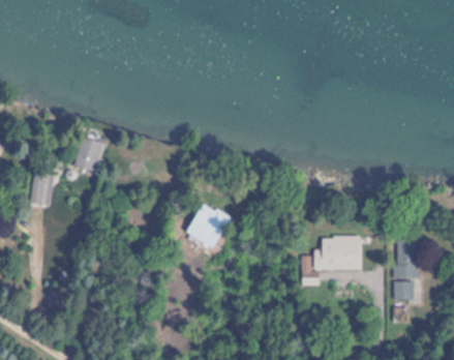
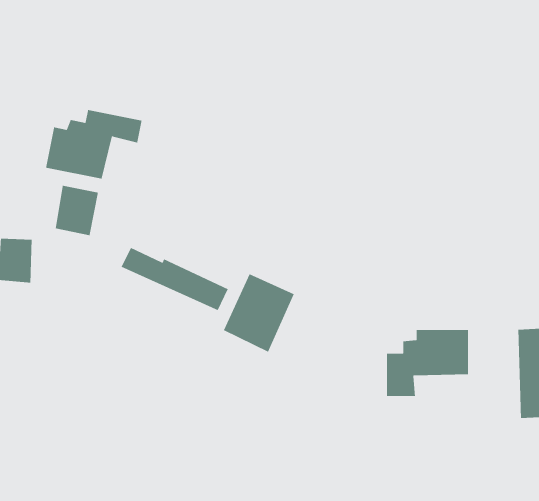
building: none -> [45,109,143,180]
building: none -> [120,247,229,311]

